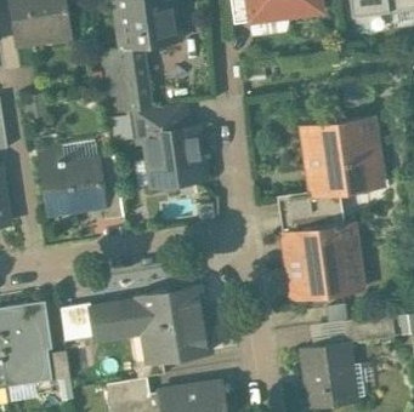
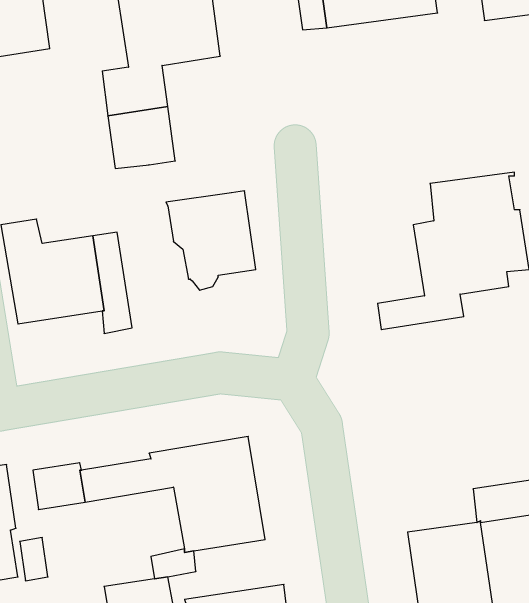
building: [135,103,188,137] -> none
building: [285,208,362,299] -> none

